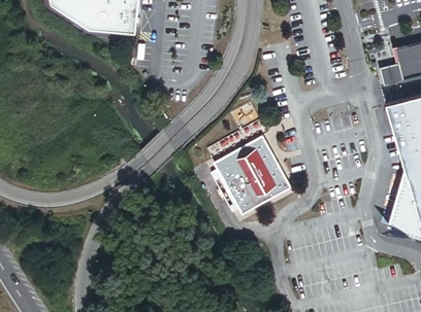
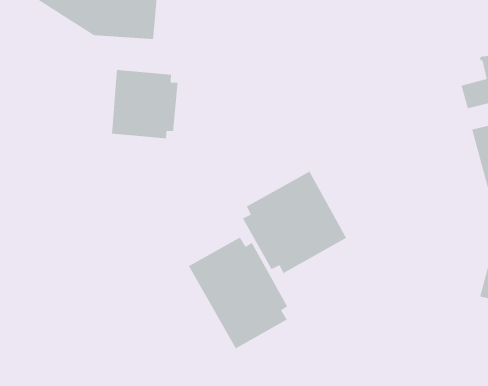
building: none -> [111,69,178,139]
building: none -> [188,236,288,349]

